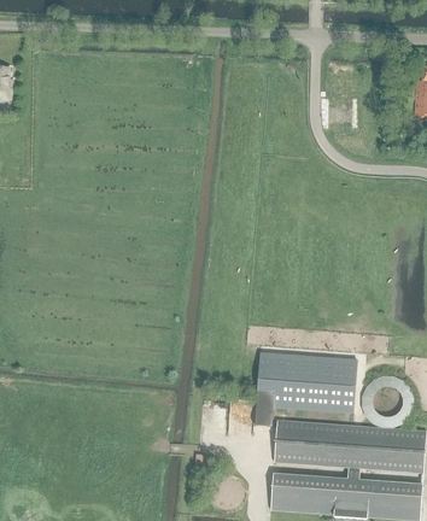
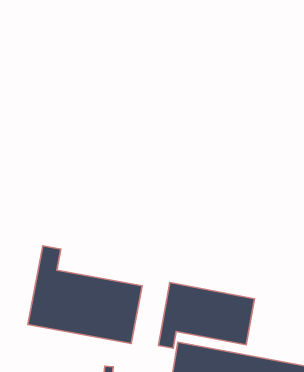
building: none -> [28,246,142,343]

